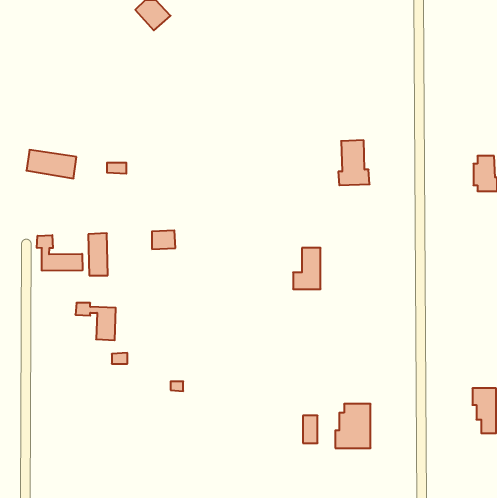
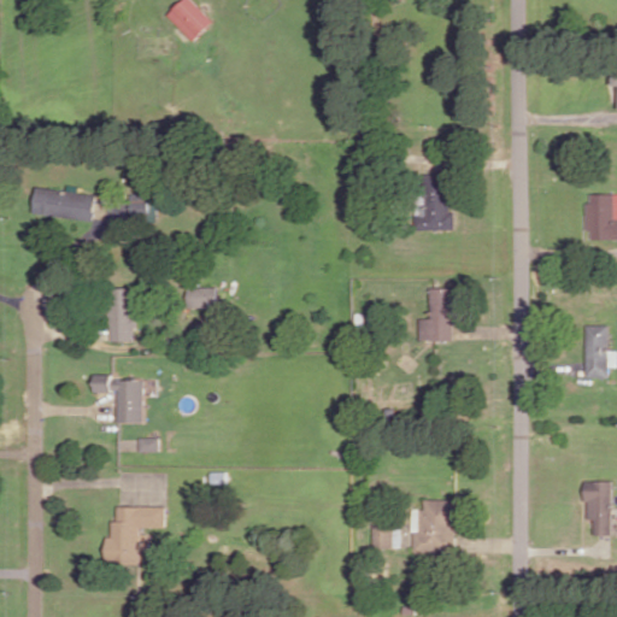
building: [37,235,82,271] -> none
building: [293,248,321,289] -> [419,290,453,341]
building: none -> [582,328,603,376]
building: none -> [111,506,155,565]

